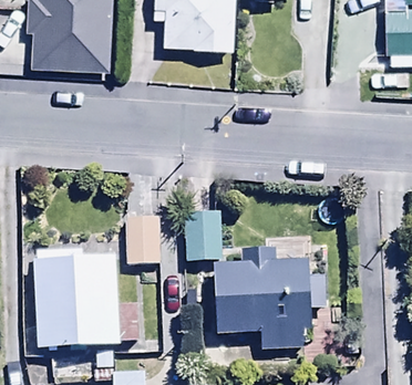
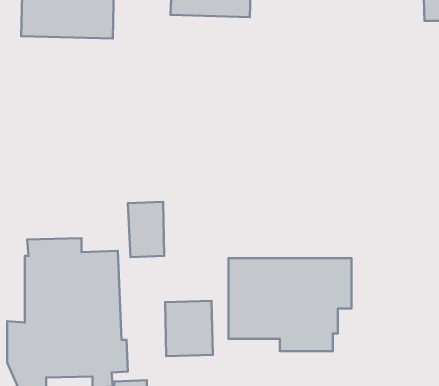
building: [185,212,227,261] -> [165,301,213,356]

